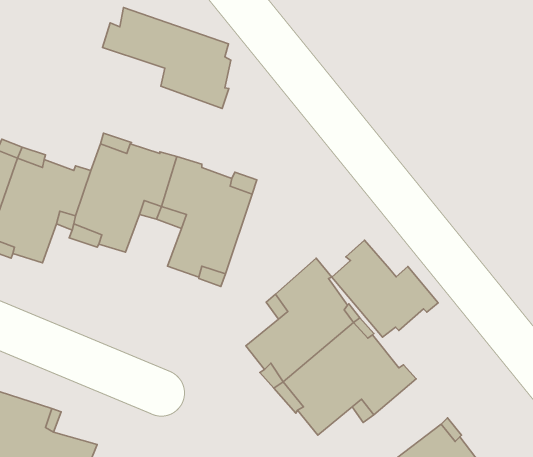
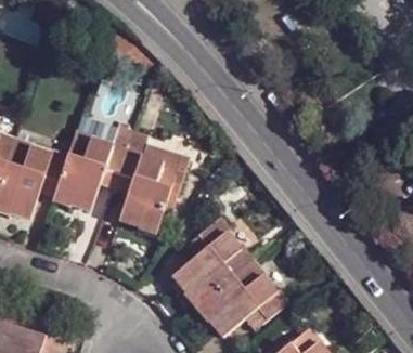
building: [103,7,231,109] -> none
building: [332,240,438,337] -> none

